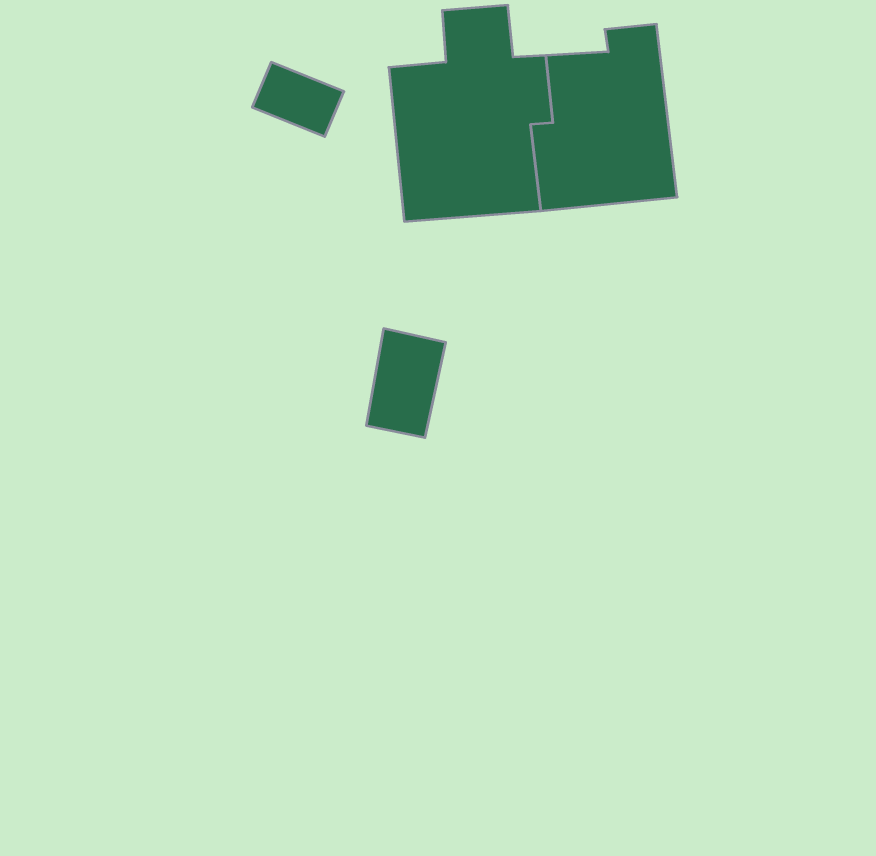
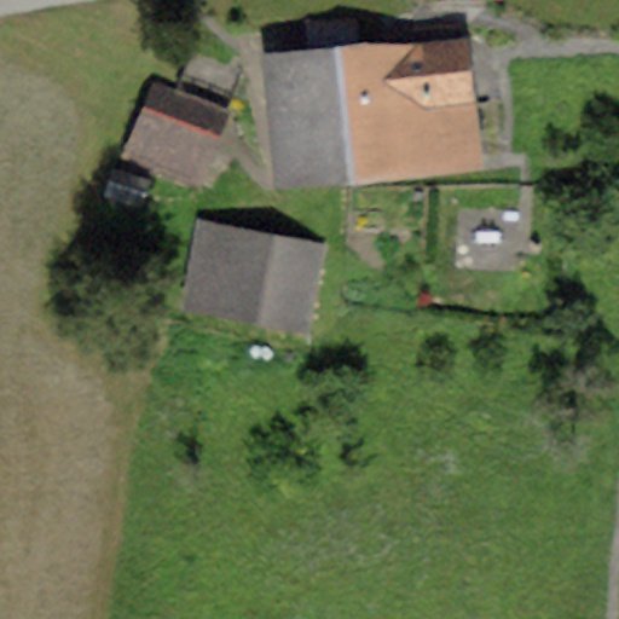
building: none -> [134,97,222,184]
building: none -> [197,237,273,317]

